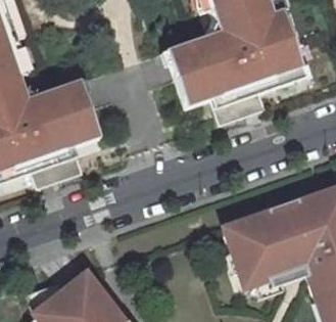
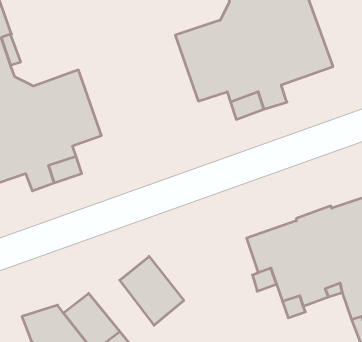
building: none -> [120,256,184,325]

